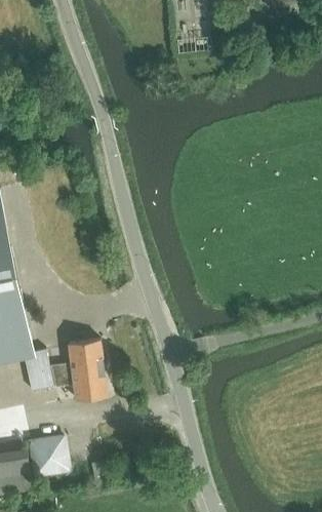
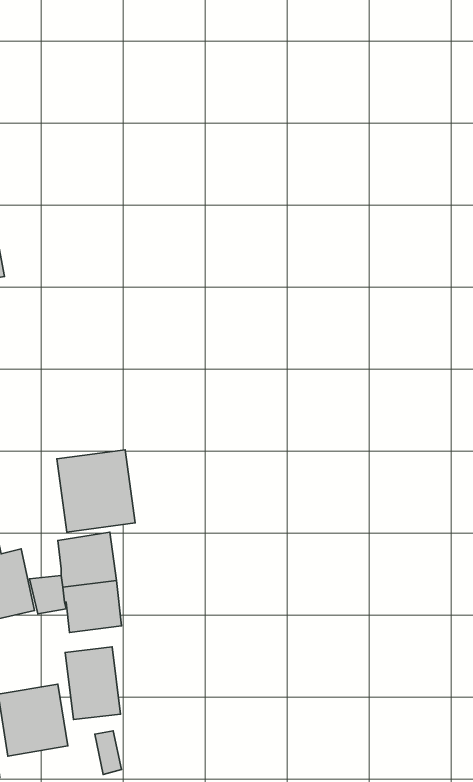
building: none -> [57,450,135,532]
building: none -> [65,647,120,720]

